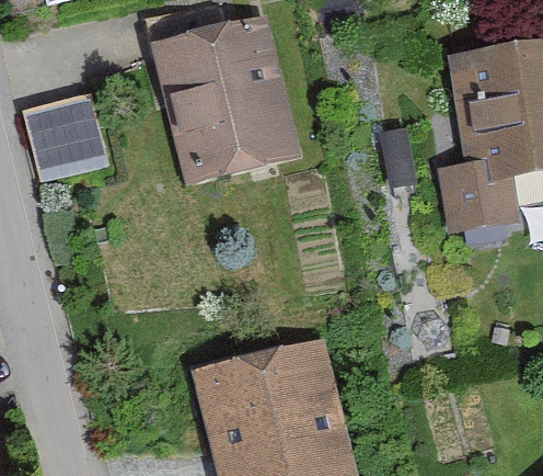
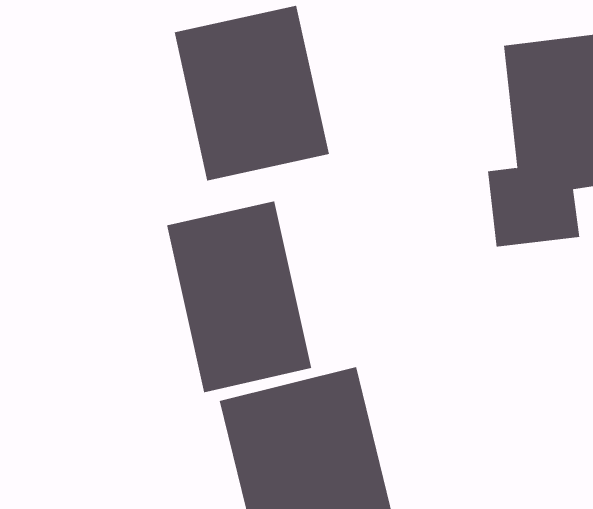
building: [20,88,108,180] -> none
building: none -> [167,201,312,393]

